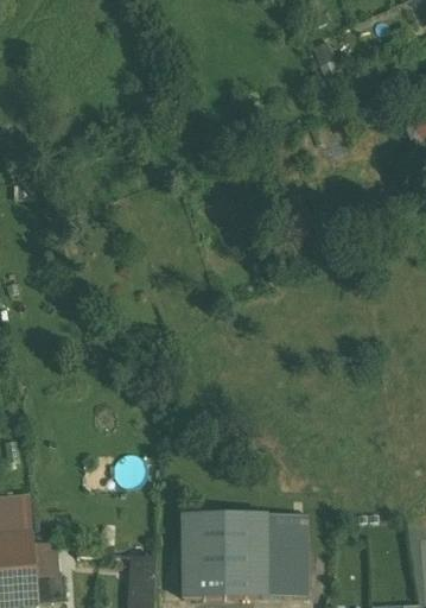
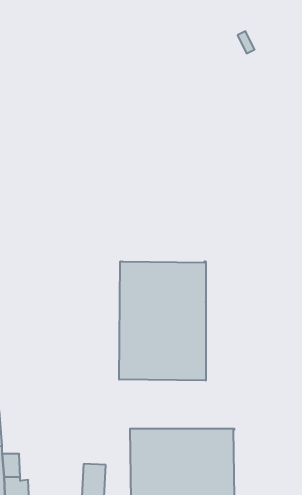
building: none -> [119,261,206,381]

